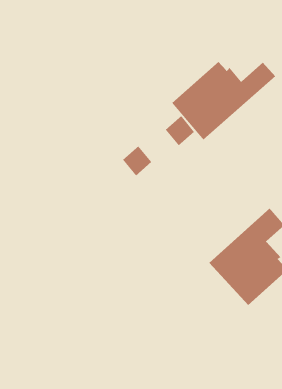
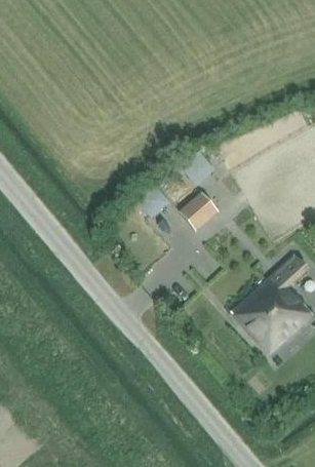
building: [171,61,276,141] -> none
building: none -> [180,194,221,234]

